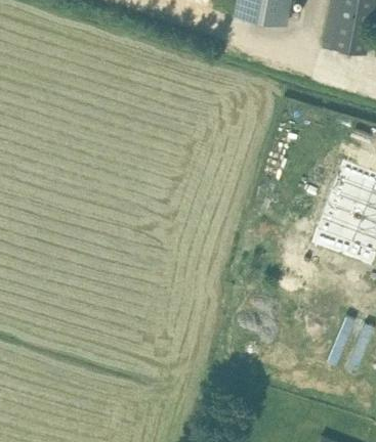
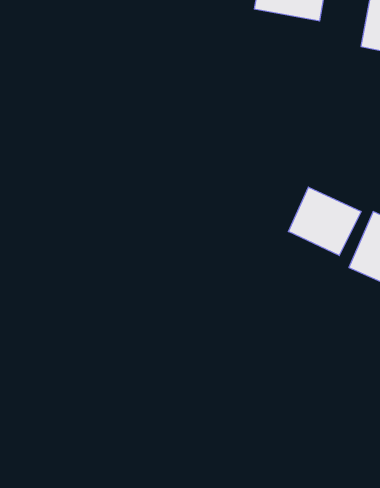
building: none -> [288,187,361,256]

